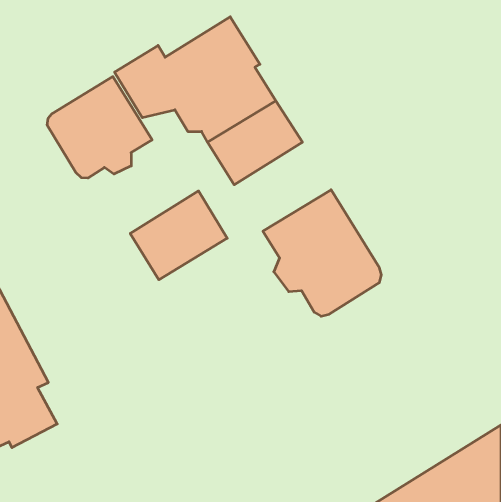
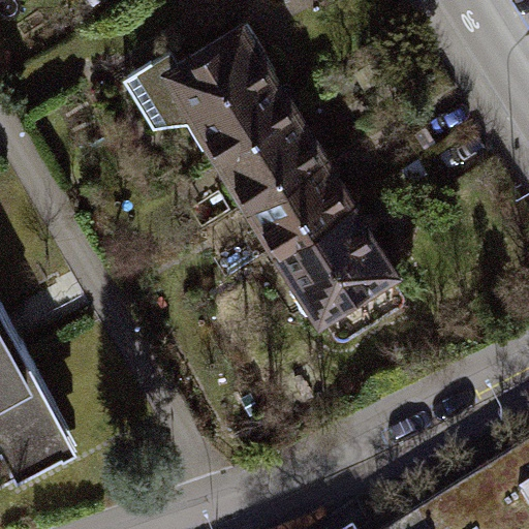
building: [47,77,152,178] -> none
building: [130,191,227,280] -> [245,152,346,245]

